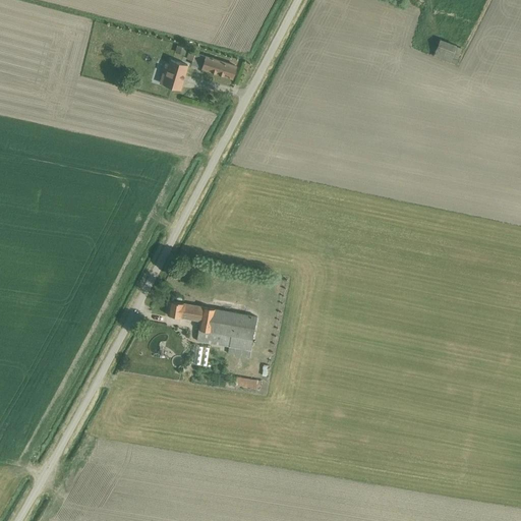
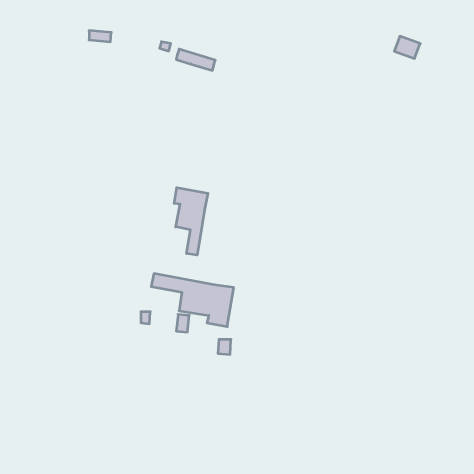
building: [162,59,187,90] -> none
building: none -> [174,188,208,255]

